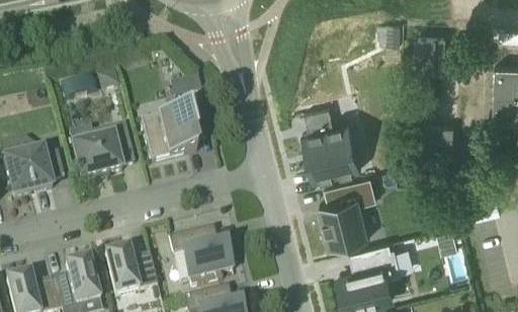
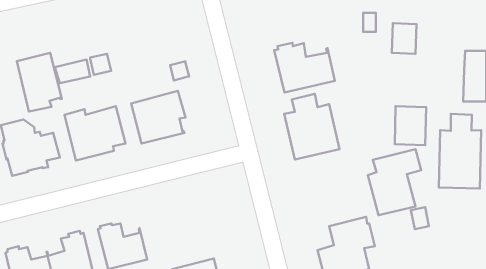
building: none -> [274,43,335,92]
building: none -> [17,53,62,112]
building: none -> [439,114,481,188]
building: [319,172,375,242] -> [368,149,421,215]
building: [168,224,233,284] -> none

